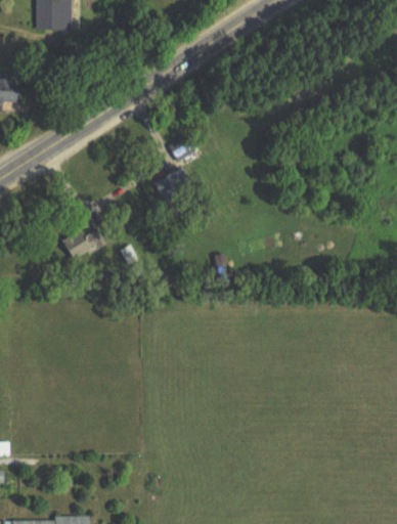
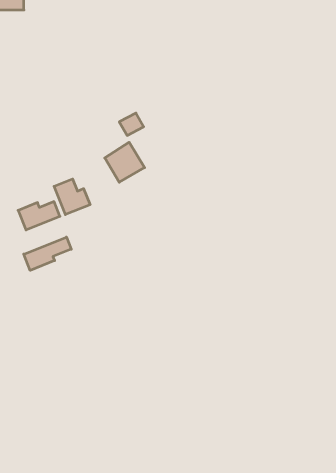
building: none -> [54,179,90,215]
building: none -> [24,237,71,270]

